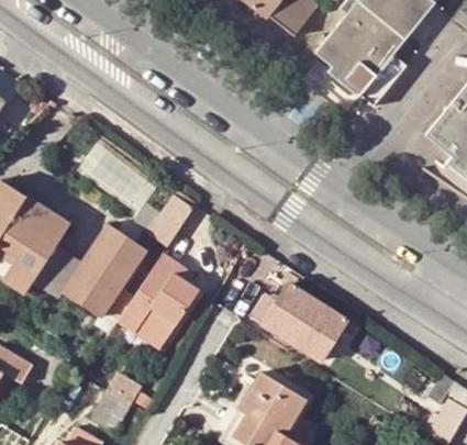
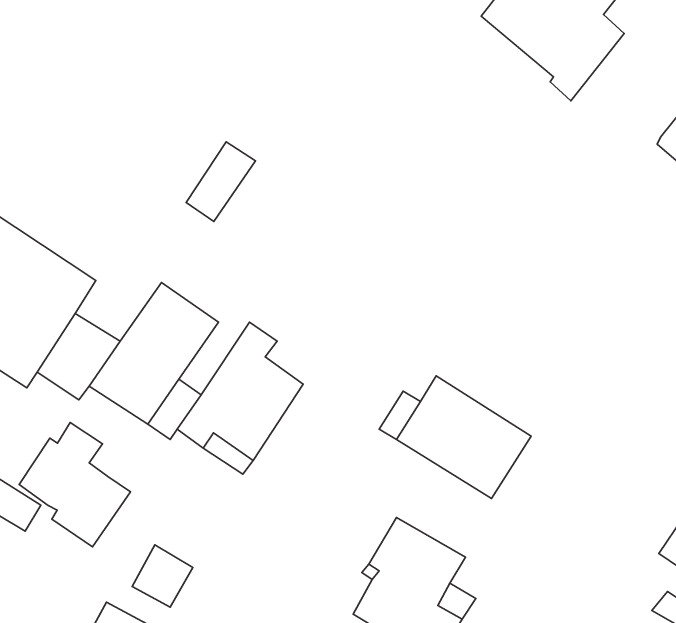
building: [149,196,193,246] -> [186,142,255,221]
building: none -> [19,423,131,547]

